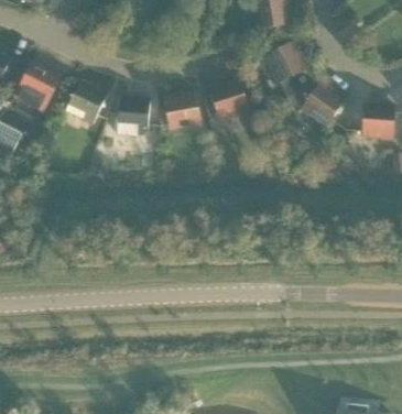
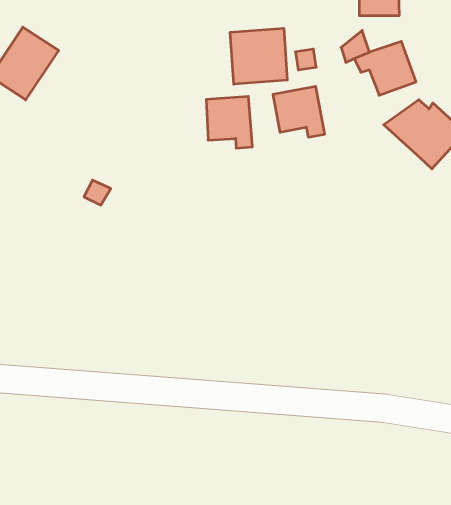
building: none -> [230,28,287,84]
building: [66,80,106,123] -> none
building: [116,96,148,137] -> none

